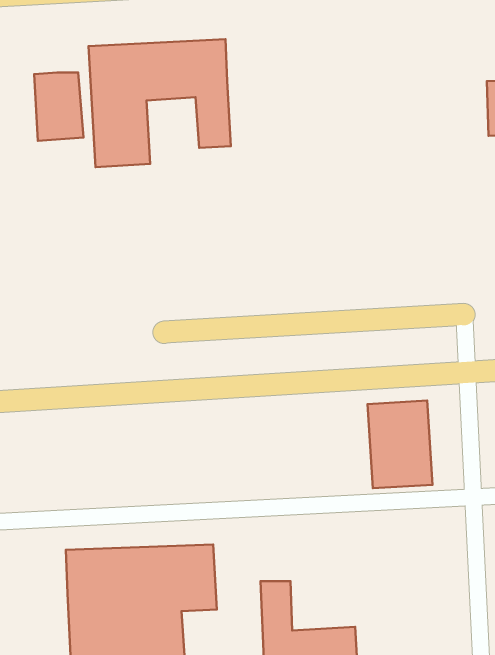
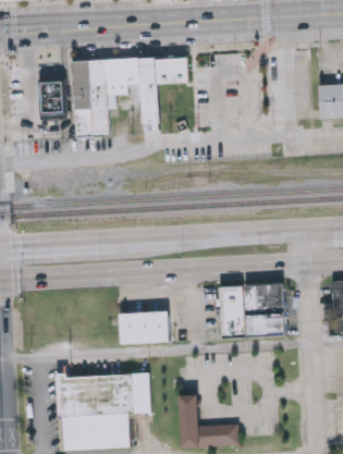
building: none -> [156,57,189,84]
building: none -> [218,285,244,338]
building: none -> [118,311,168,344]

